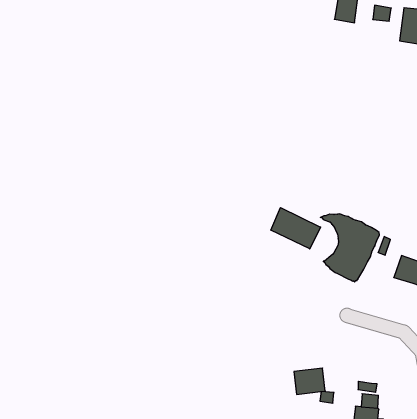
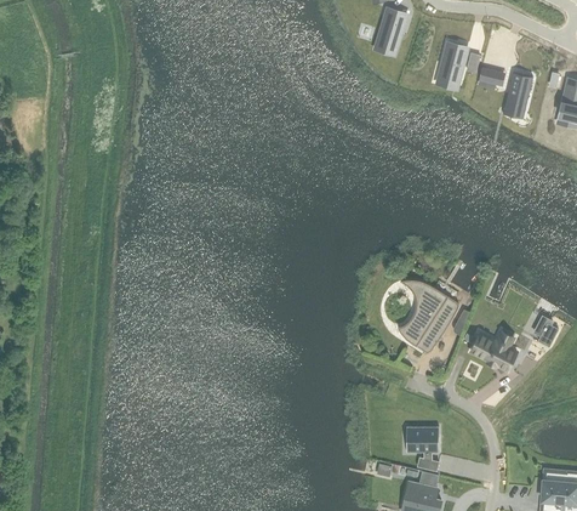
building: [271,208,321,249] -> none
building: [294,368,325,394] -> [406,426,436,450]

